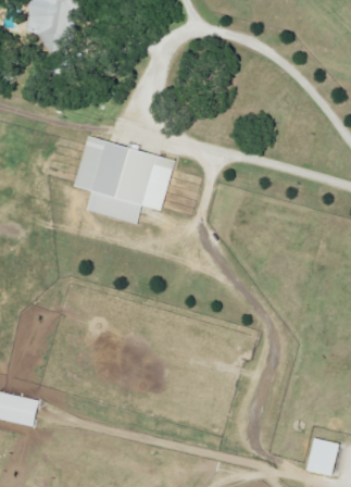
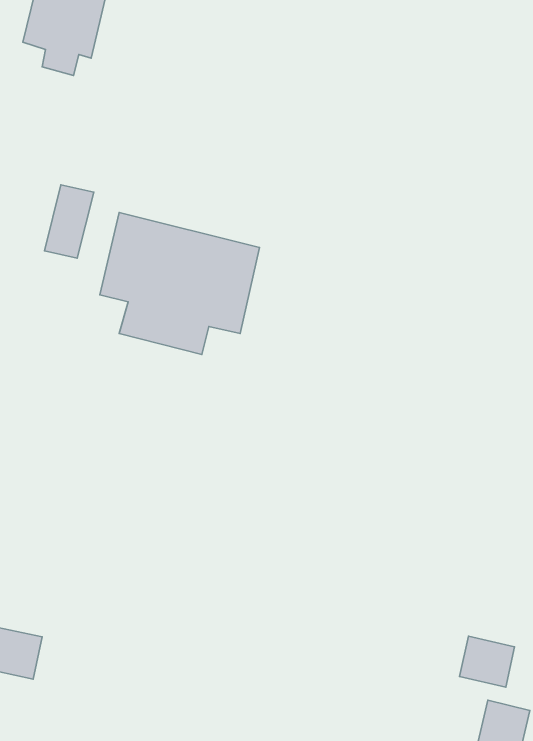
building: none -> [44,185,94,258]
building: none -> [460,636,515,687]

